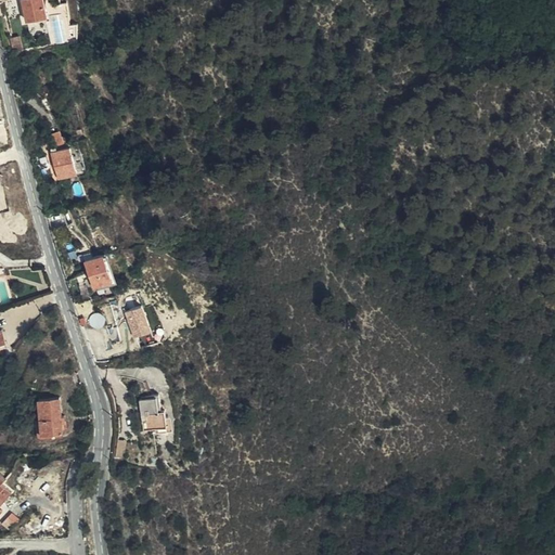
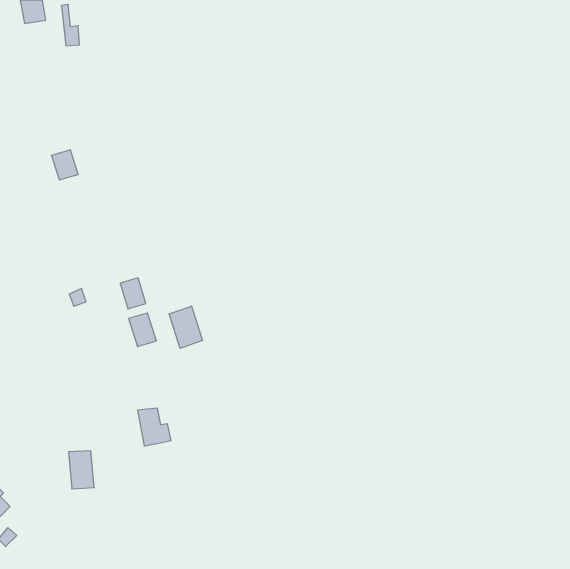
building: [86,259,111,289] -> [120,278,146,309]
building: none -> [169,306,203,348]
building: [36,397,61,434] -> [68,451,94,489]

